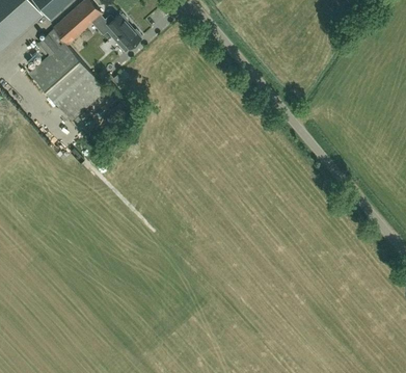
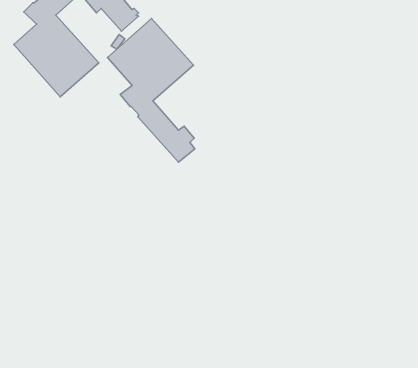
building: none -> [107,19,195,162]

